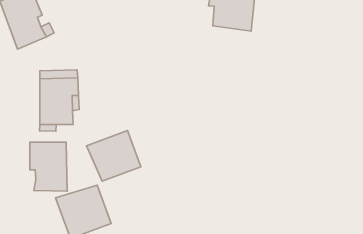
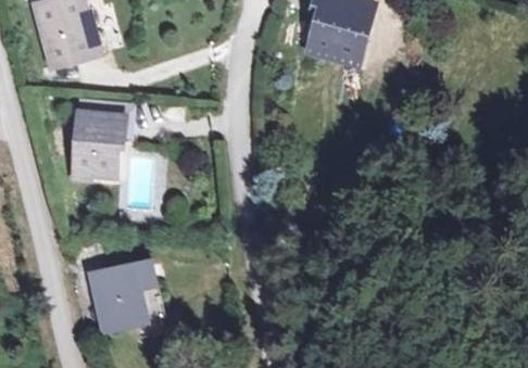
building: [86,131,141,181] -> none
building: [30,142,67,191] -> none

